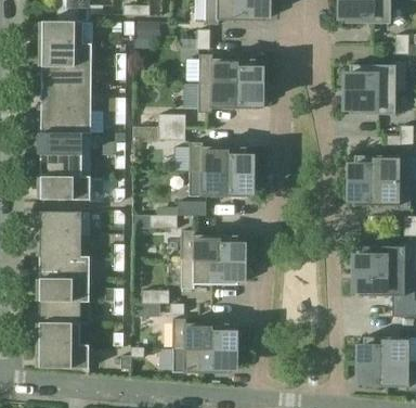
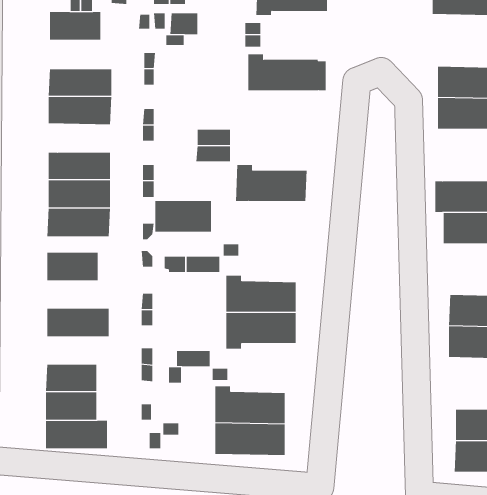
building: [41,43,91,66] -> none
building: [198,84,255,113] -> none
building: [40,110,90,132] -> none
building: [199,171,245,196] -> [154,201,212,232]
building: [39,234,80,256] -> none
building: [39,279,89,302] -> none

